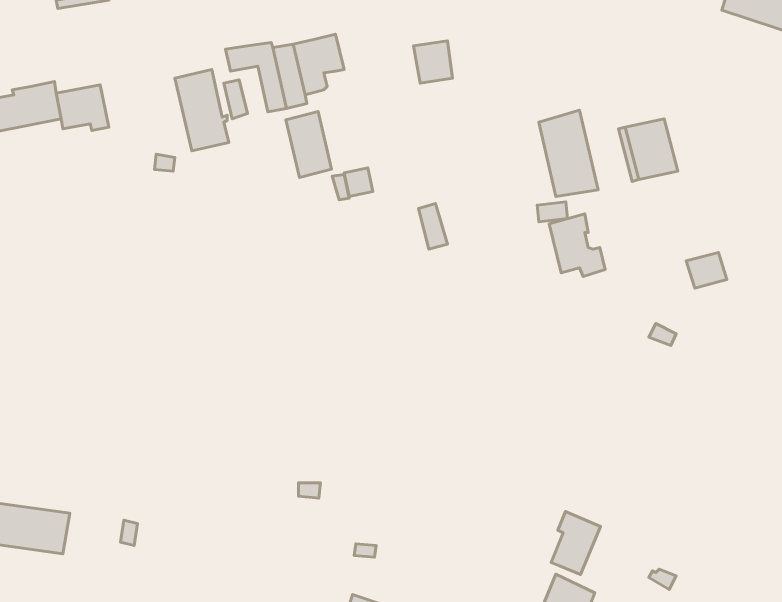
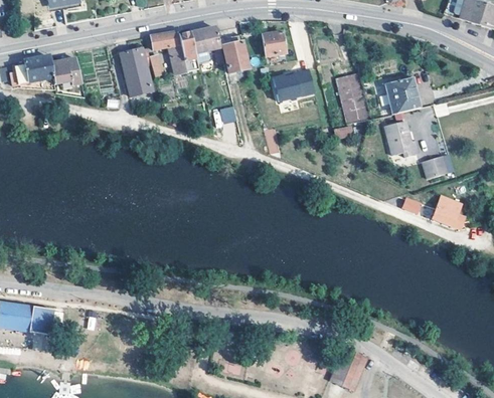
building: none -> [273,68,315,101]
building: [286,112,332,178] -> [220,33,248,72]
building: [549,214,605,276] -> [385,120,419,157]
building: none -> [431,196,463,228]
building: [551,512,600,575] -> none

